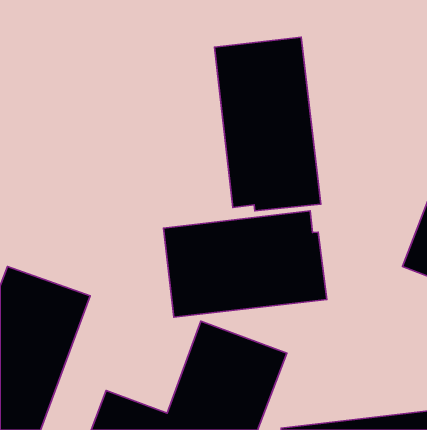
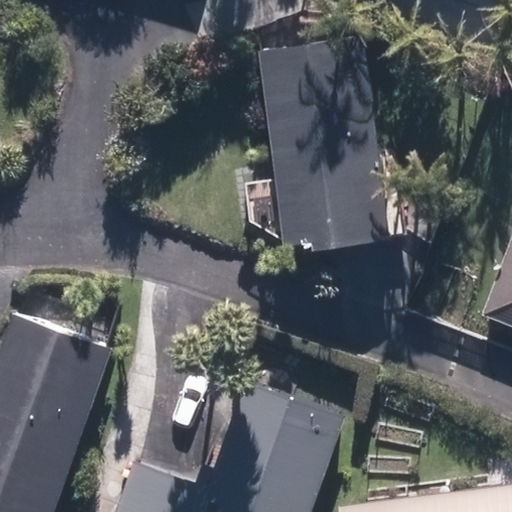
building: [163,211,327,317] -> none

